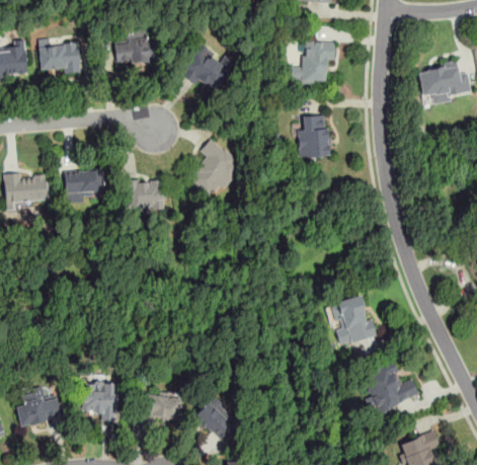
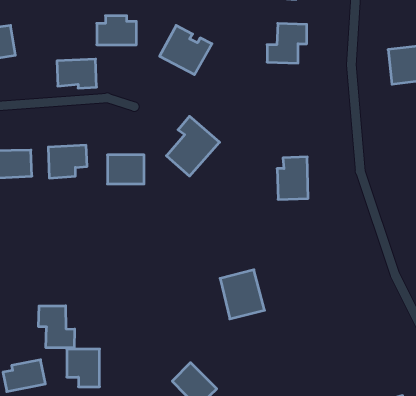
building: [38,43,80,73] -> [57,59,97,88]
building: [297,114,329,159] -> [277,157,308,199]
building: [328,294,375,345] -> [220,270,265,319]
building: none -> [39,306,75,348]
building: [360,361,419,414] -> none
building: [143,392,180,419] -> none

